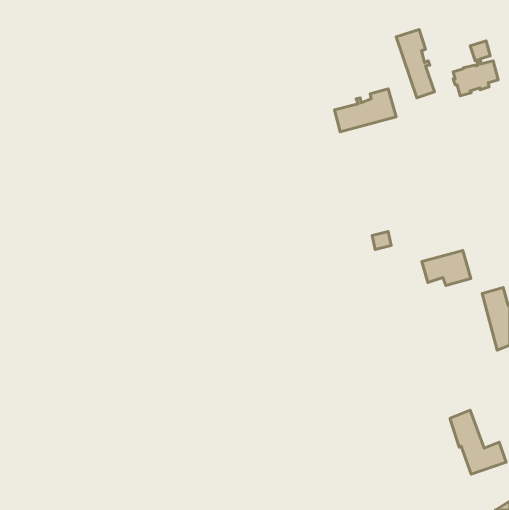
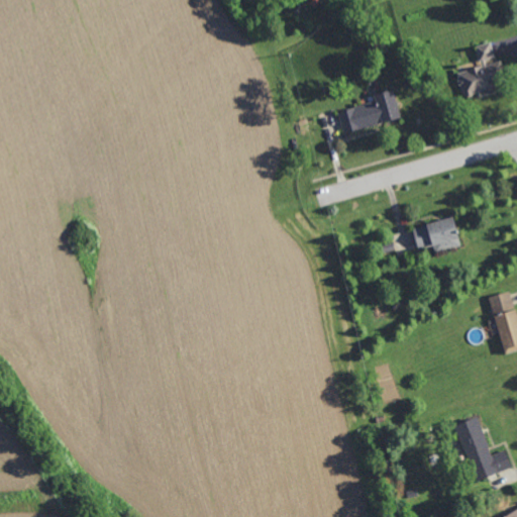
building: [396,30,434,98] -> none
building: [422,251,471,286] -> [413,217,462,252]

